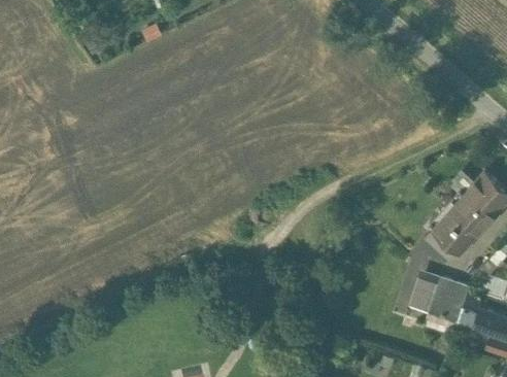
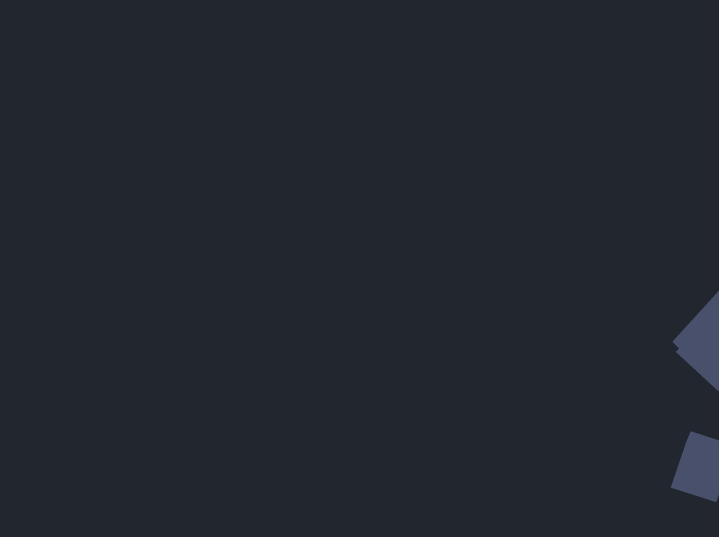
building: [411,279,440,314] -> none

